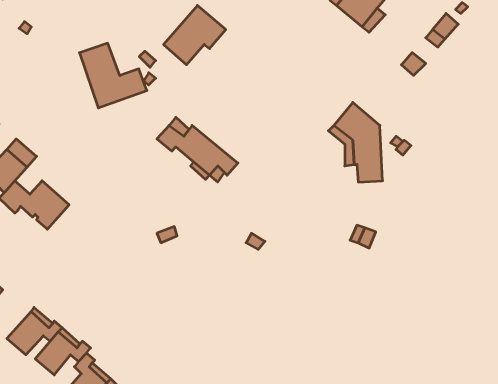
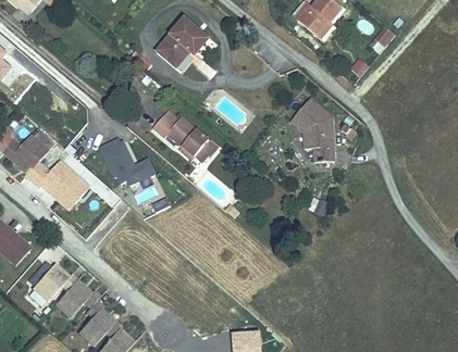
building: [79,43,147,108] -> [100,136,154,188]
building: none -> [40,180,89,210]

